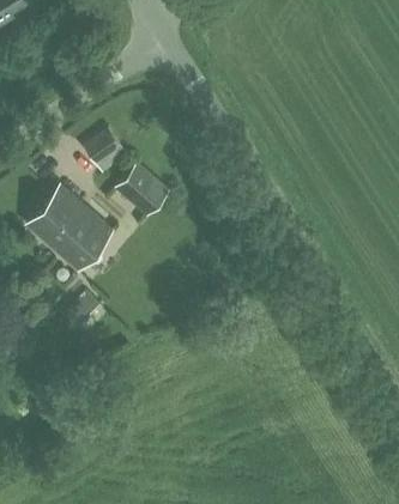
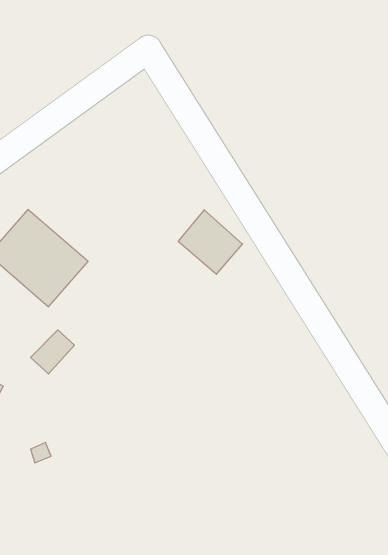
building: [81,127,128,175] -> none
building: [113,160,169,217] -> [178,210,243,274]

